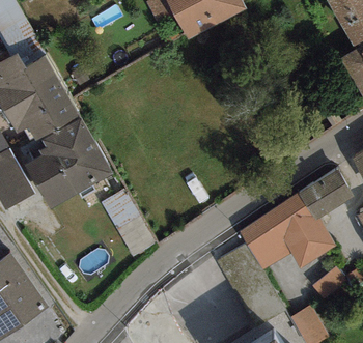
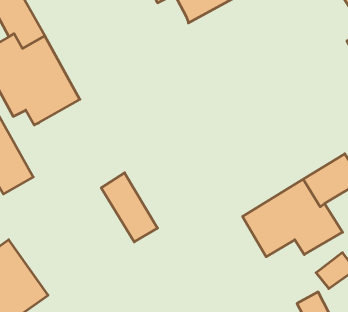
building: [25,116,113,208] -> none

